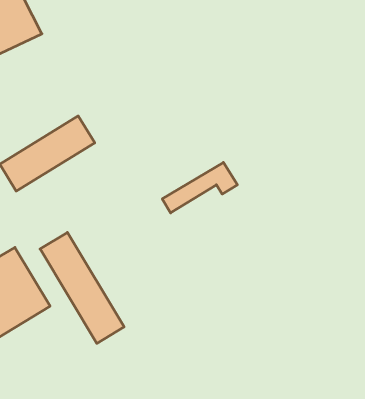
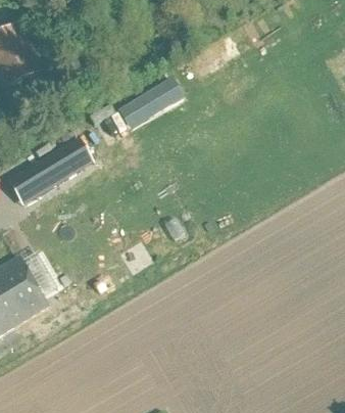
building: [162,162,237,213] -> [119,78,185,122]
building: [40,232,124,343] -> none

